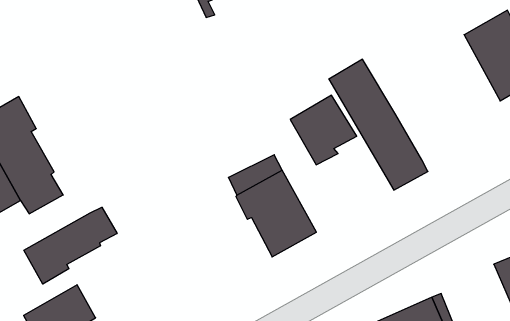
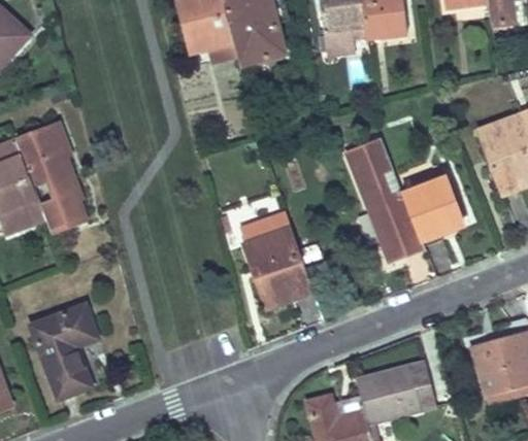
building: [290,95,357,165] -> [403,177,462,239]
building: [24,207,117,284] -> none

